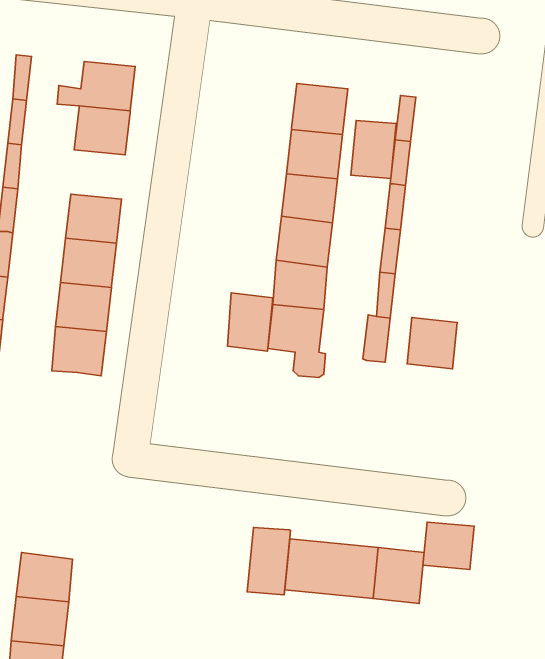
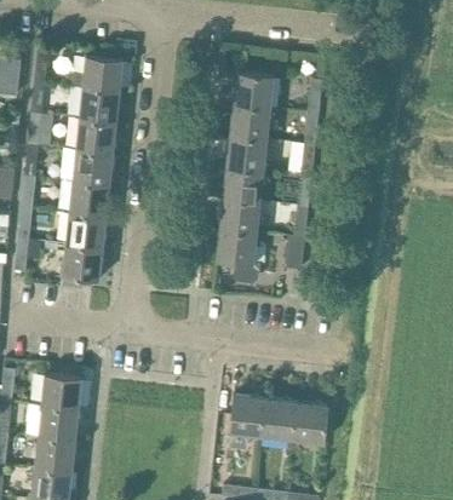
building: [351,120,396,179] -> none
building: none -> [76,120,115,155]
building: [228,293,273,351] -> none
building: [407,317,457,369] -> none
building: none -> [41,374,81,412]
building: [423,522,474,569] -> none
building: [247,527,291,595] -> none

